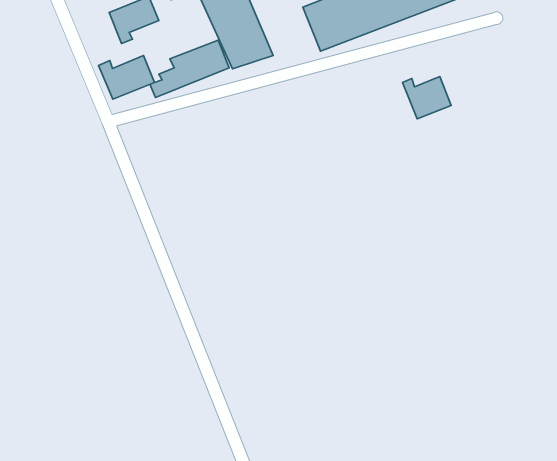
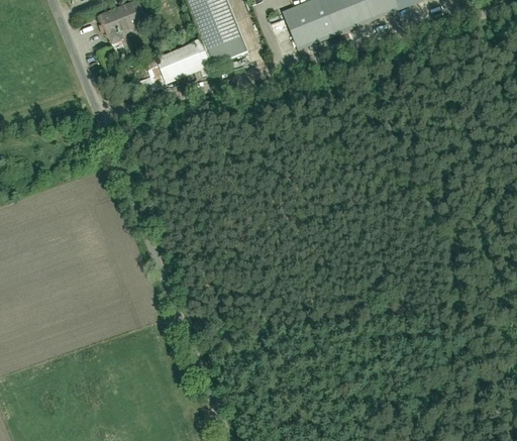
building: [98,56,154,99] -> none
building: [402,77,451,119] -> none

